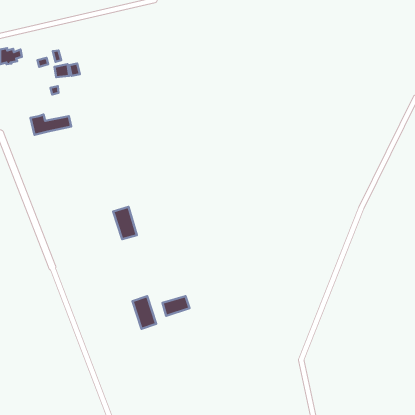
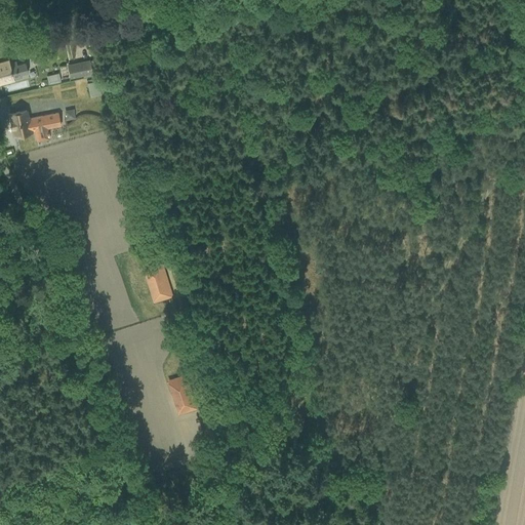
building: [31,114,71,135] -> [10,111,62,136]
building: [162,296,189,316] -> none

